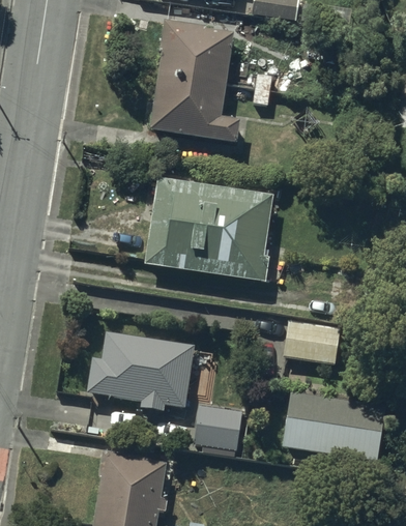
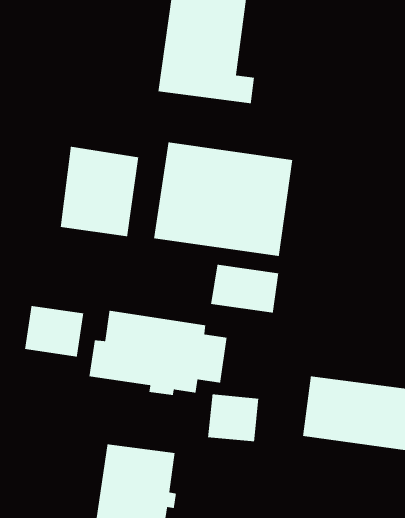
building: none -> [60,146,139,237]
building: [283,320,346,366] -> [210,264,279,313]
building: none -> [24,305,84,357]

